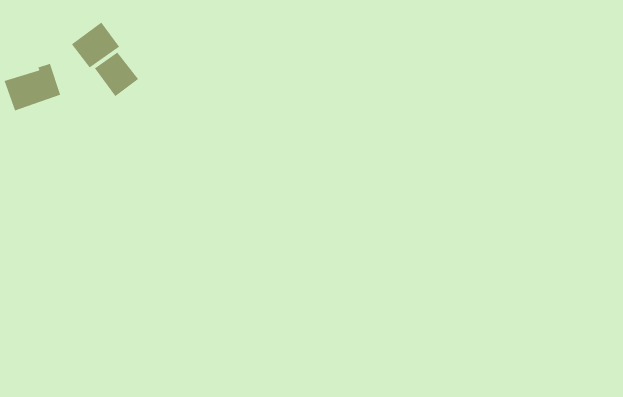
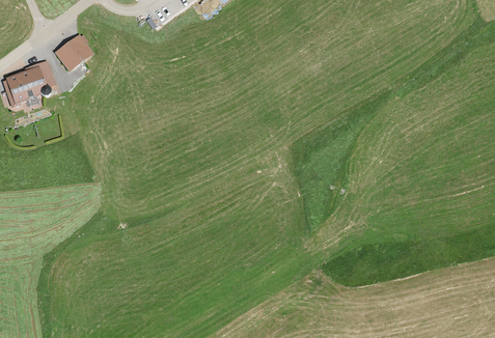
building: [94,51,139,97] -> none

